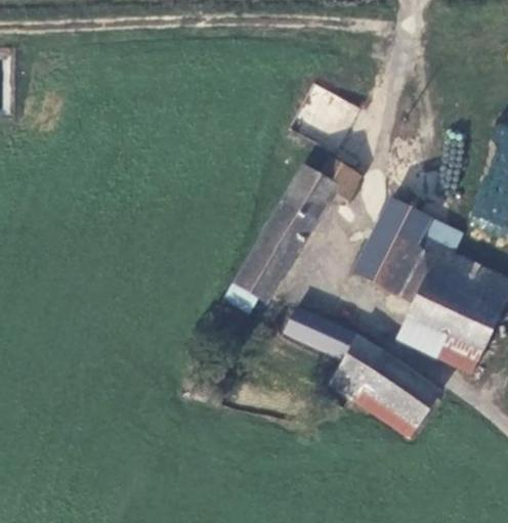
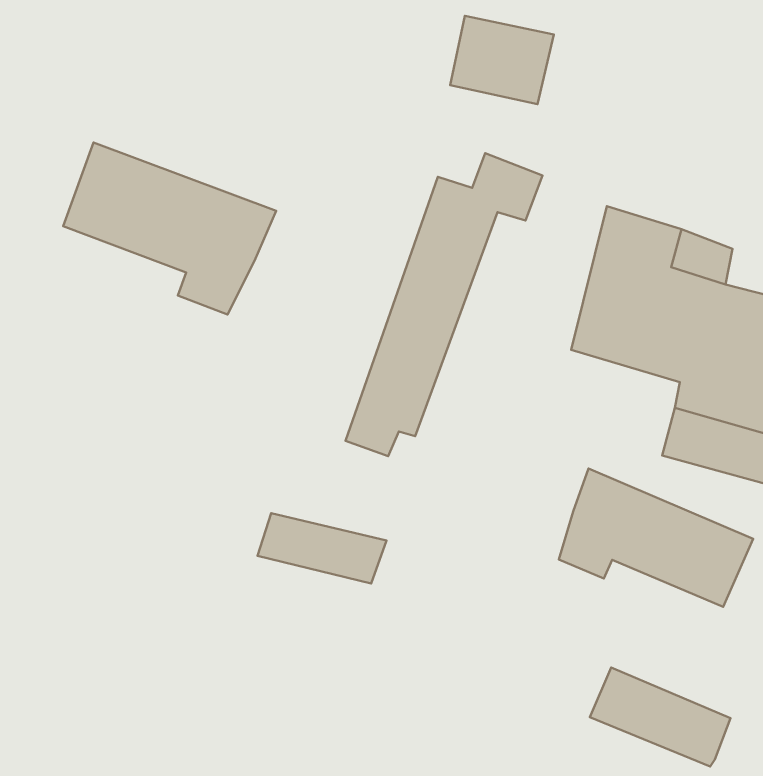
building: none -> [63,142,276,315]
building: [281,312,351,359] -> [258,513,386,583]
building: none -> [590,668,731,766]

